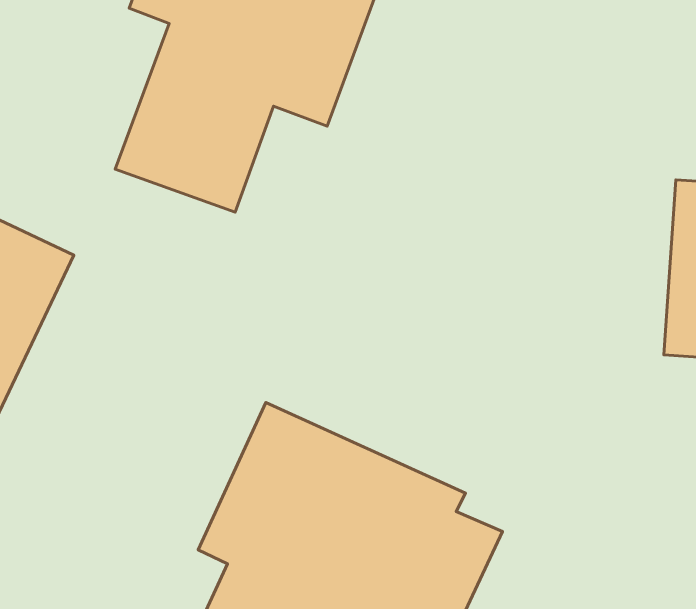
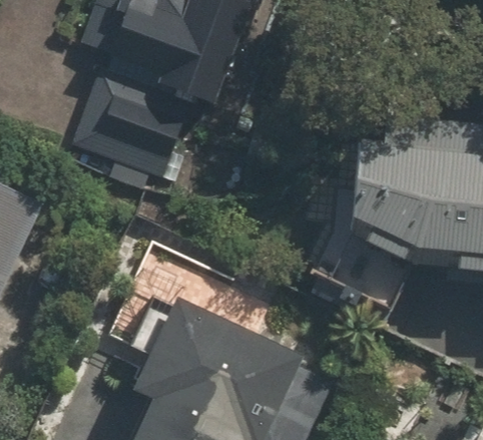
building: none -> [349,144,444,265]

